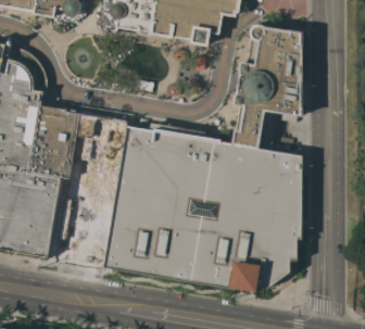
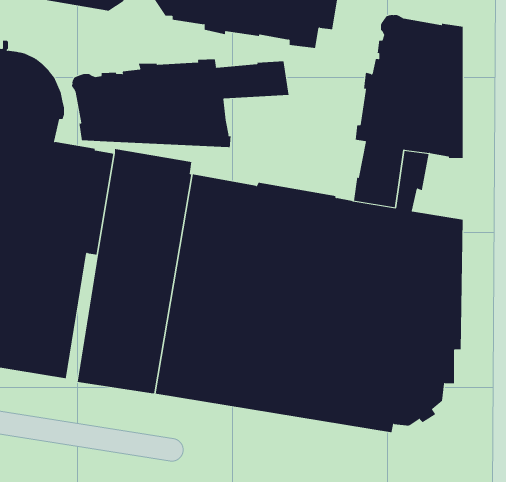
building: none -> [72,59,289,148]

